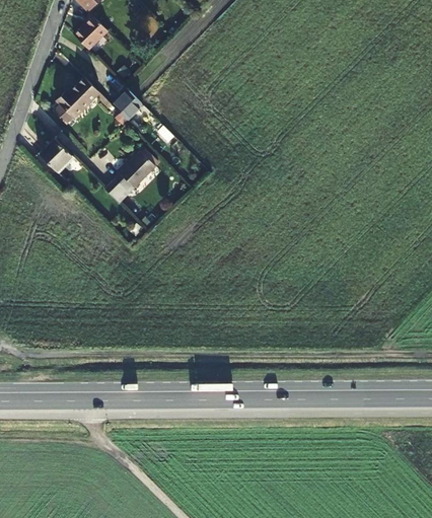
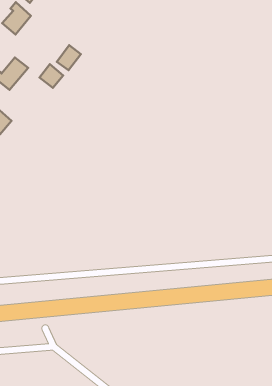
building: none -> [57,45,81,70]
building: [115,155,154,197] -> none

